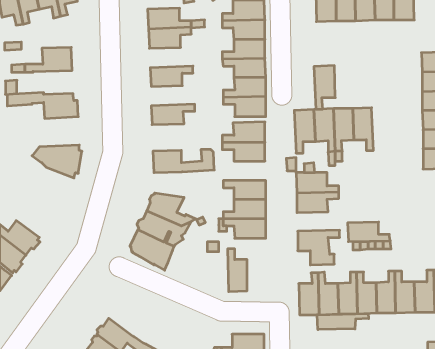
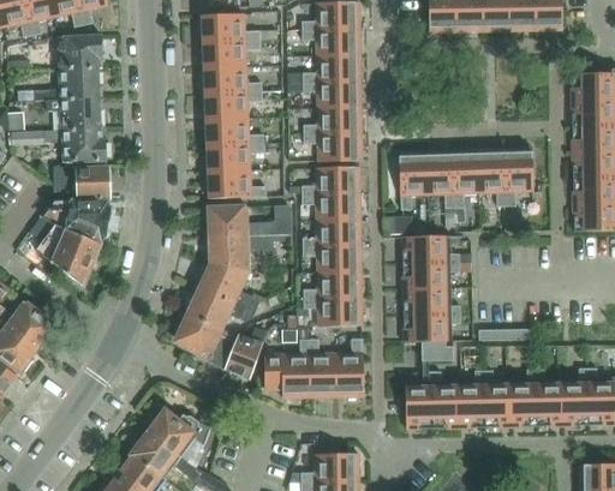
building: none -> [56,35,102,68]
building: none -> [203,67,262,95]
building: [314,66,335,109] -> [503,148,532,206]
building: none -> [46,98,100,131]
building: none -> [205,119,264,146]
building: none -> [53,166,109,202]
building: none -> [207,170,265,199]
building: none -> [303,221,360,247]
building: none -> [36,223,101,282]
building: none -> [207,233,291,270]
building: [348,222,390,242] -> [402,289,460,316]
building: none -> [223,328,264,378]
building: none -> [335,339,362,396]
building: none -> [263,340,310,397]
building: none -> [148,412,209,459]
building: [317,314,369,330] -> none

